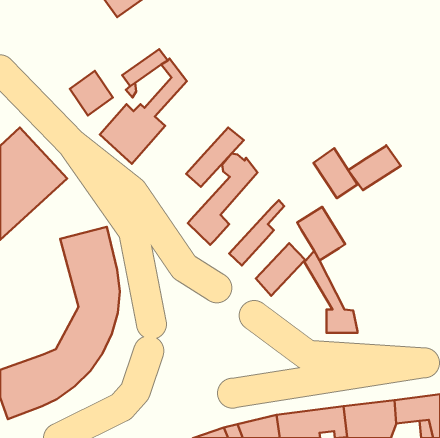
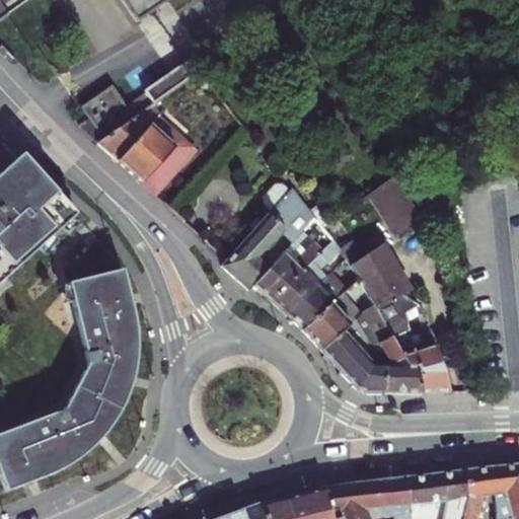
building: none -> [97,112,149,158]
building: [186,127,244,187] -> [252,228,320,298]
building: [348,145,401,190] -> none
building: none -> [285,251,355,327]
building: none -> [376,292,448,389]
building: none -> [319,327,384,391]

